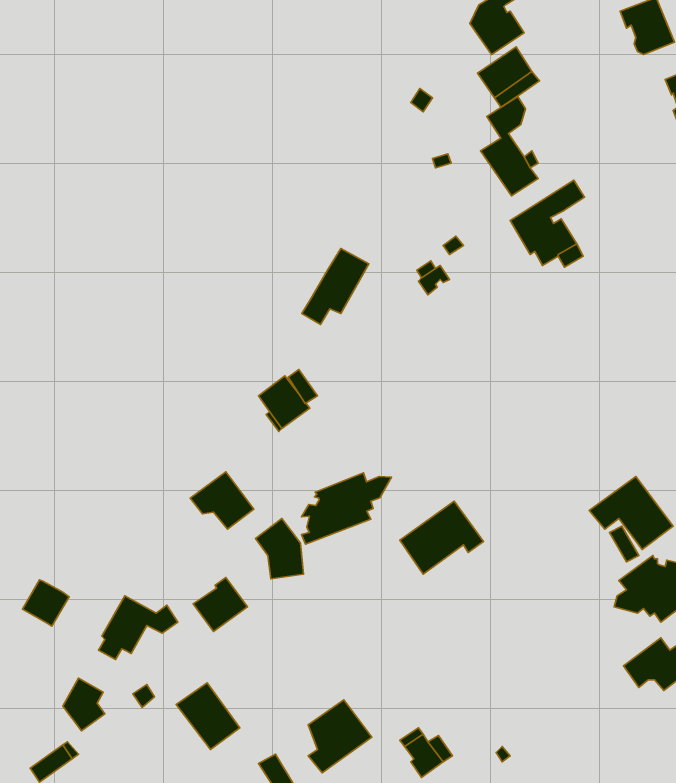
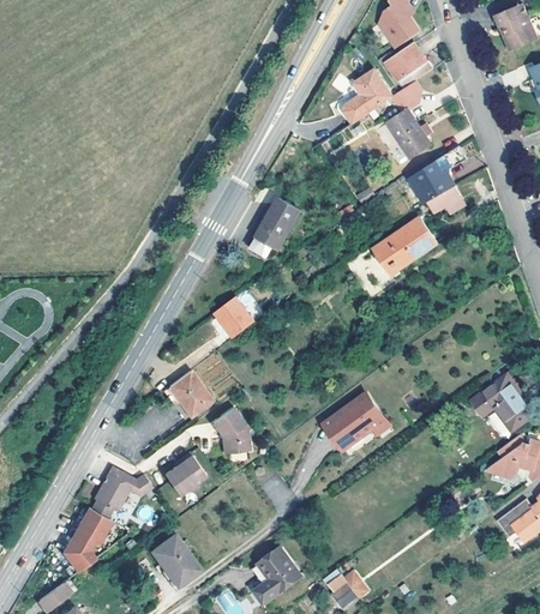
building: none -> [344,68,392,122]
building: none -> [373,221,437,275]
building: [301,473,391,544] -> none
building: [22,580,69,626] -> [76,507,112,543]

